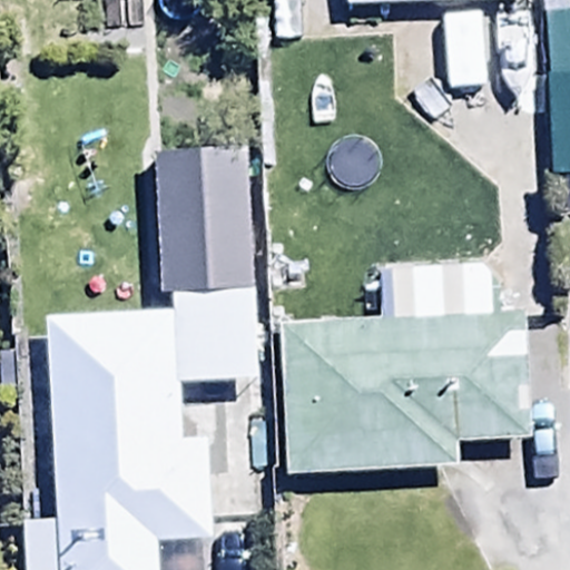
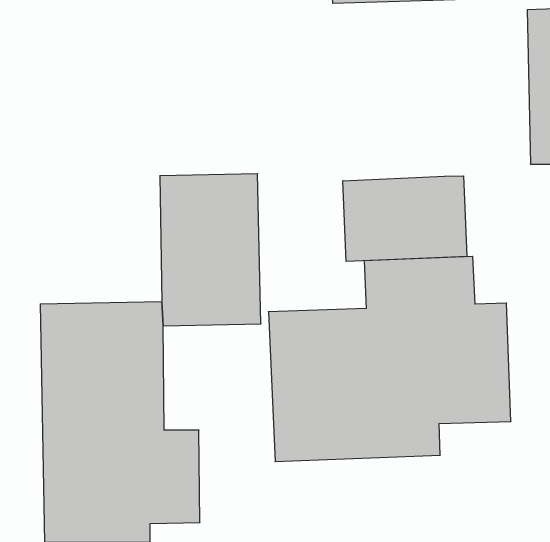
building: none -> [343,176,467,261]

